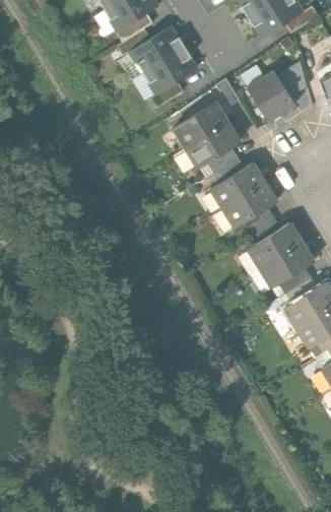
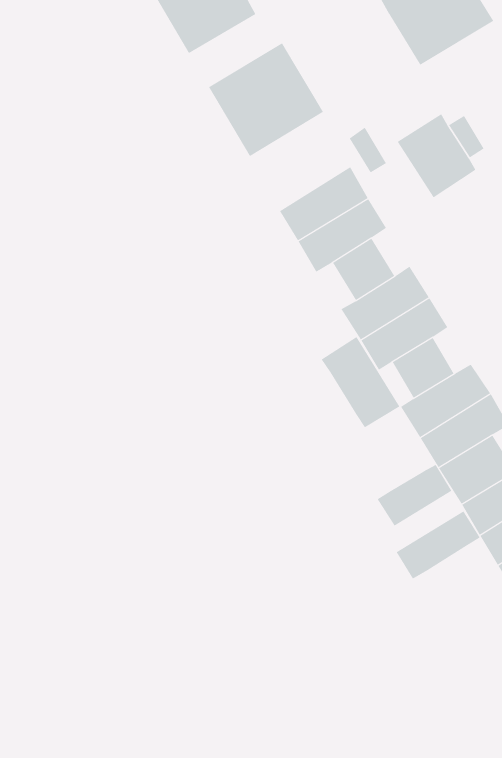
building: none -> [321,336,400,428]
building: none -> [377,464,452,526]
building: none -> [396,510,481,579]

